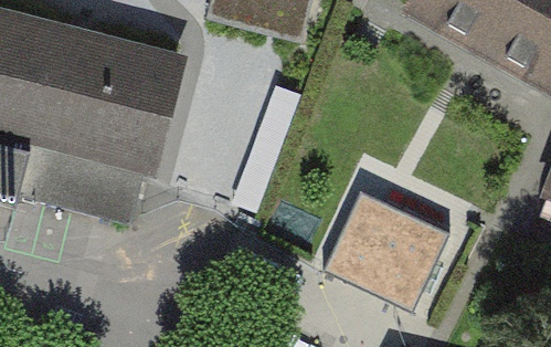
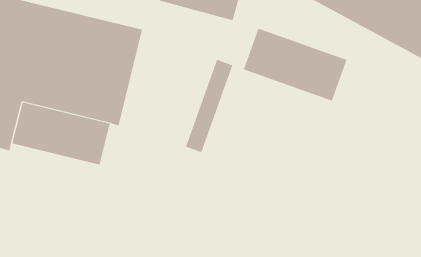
building: none -> [243,28,347,102]
building: [325,186,452,309] -> none

